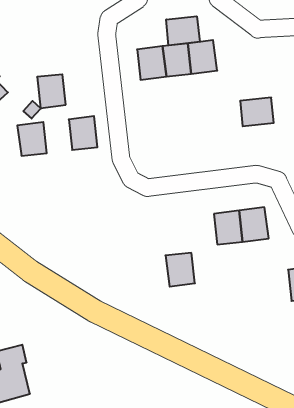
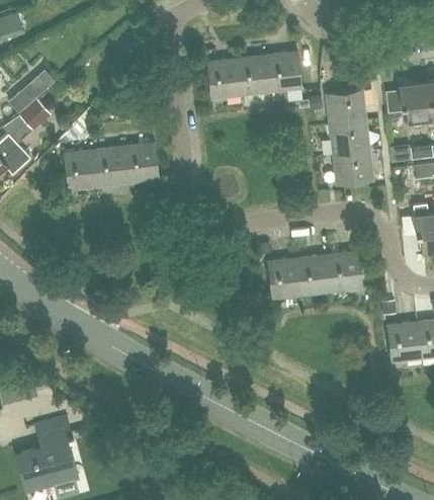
building: [166,16,200,45] -> none
building: none -> [325,89,366,124]
building: [37,74,66,108] -> [93,147,127,187]
building: none -> [332,151,373,186]
building: [165,253,195,287] -> [266,260,301,301]

